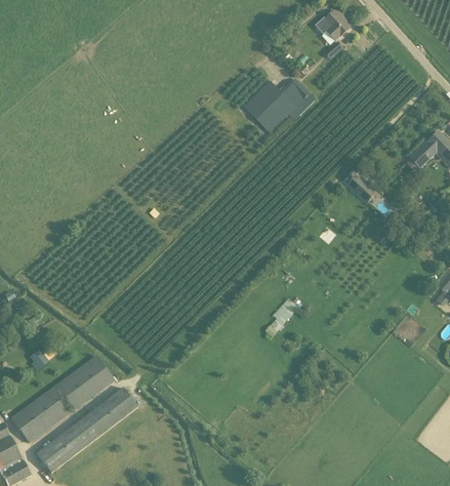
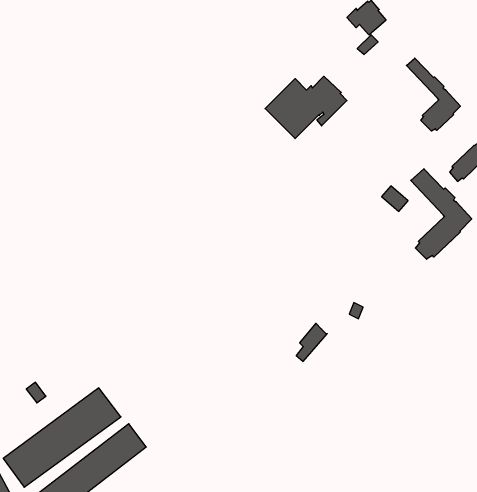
building: none -> [406,58,460,131]
building: none -> [411,169,472,259]

